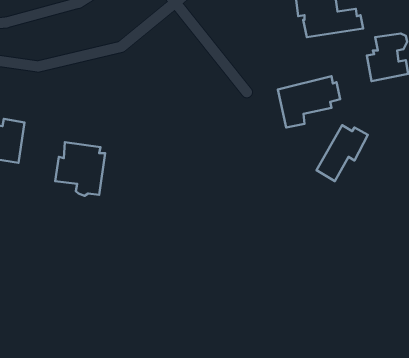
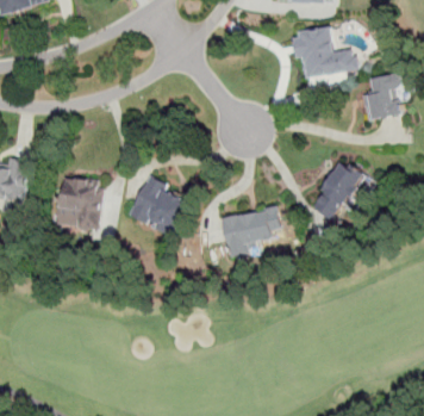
building: [278,76,340,127] -> [220,206,281,256]
building: none -> [131,178,194,238]

